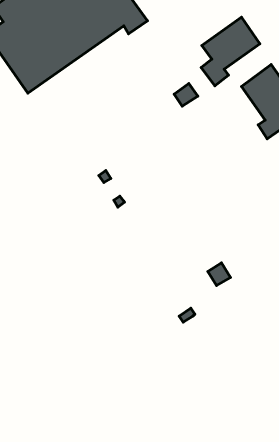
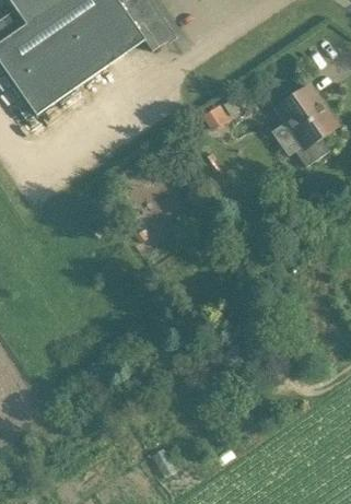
building: [201,17,260,86] -> none

